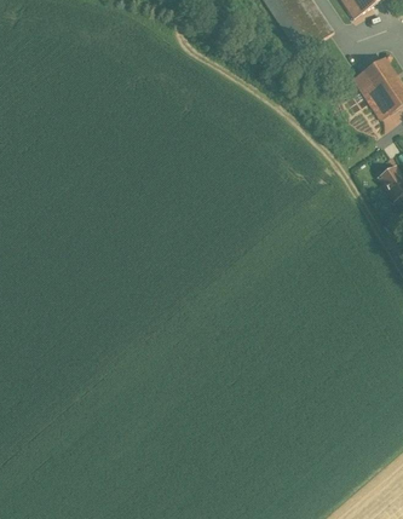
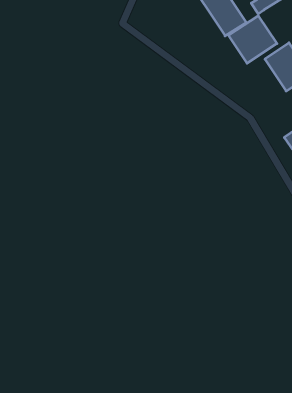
building: none -> [229,16,277,63]

